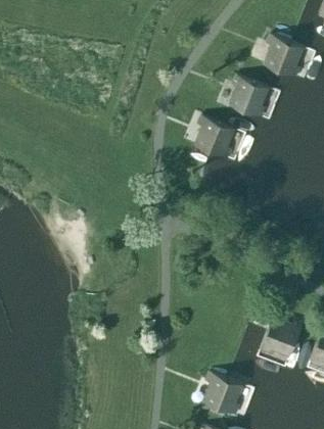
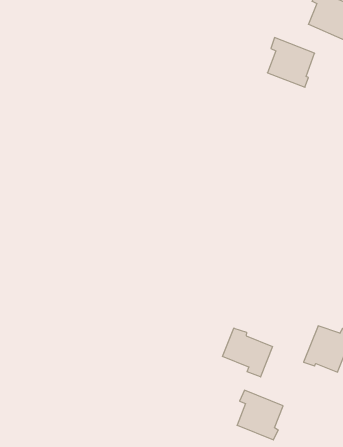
building: [194,116,235,158] -> none
building: none -> [223,328,272,377]

